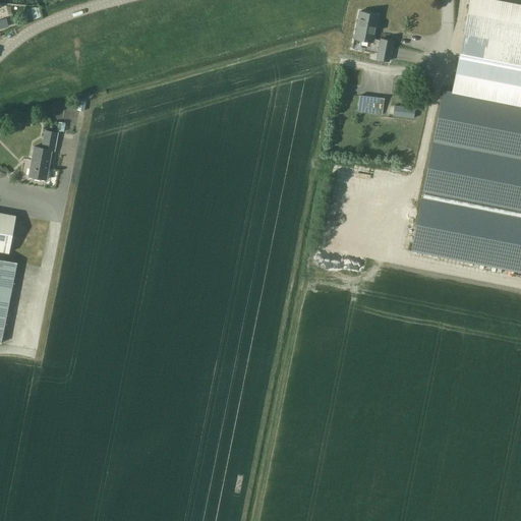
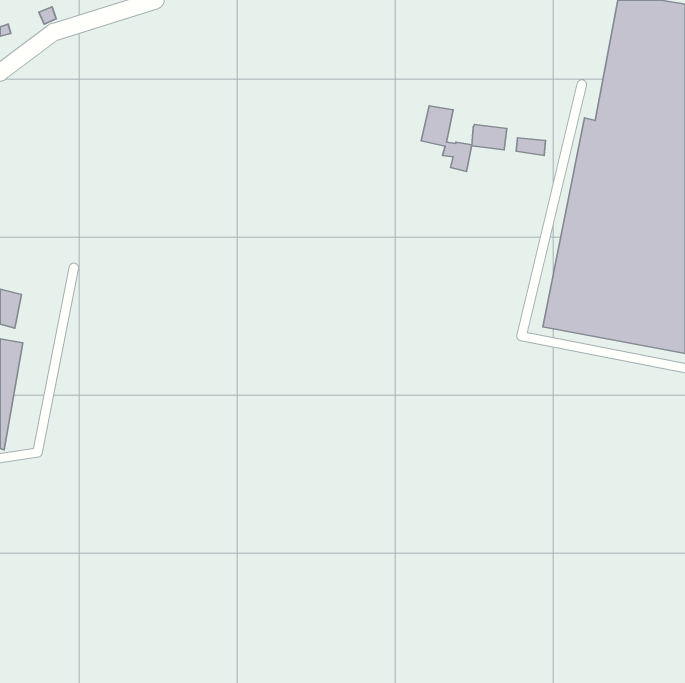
building: [354,12,393,62] -> [421,106,472,172]
building: [28,131,57,179] -> none

